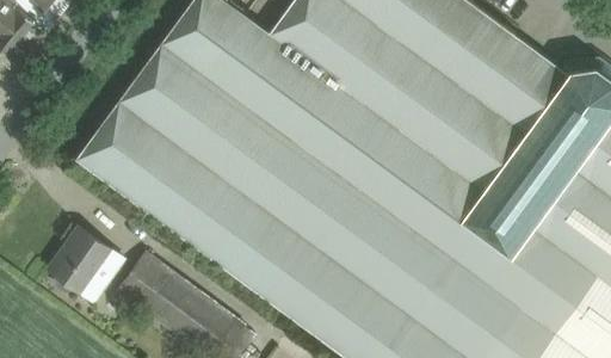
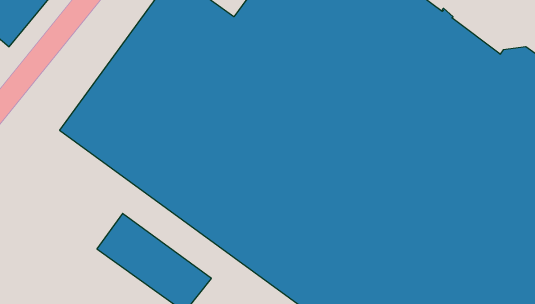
building: [55,228,119,298] -> none

